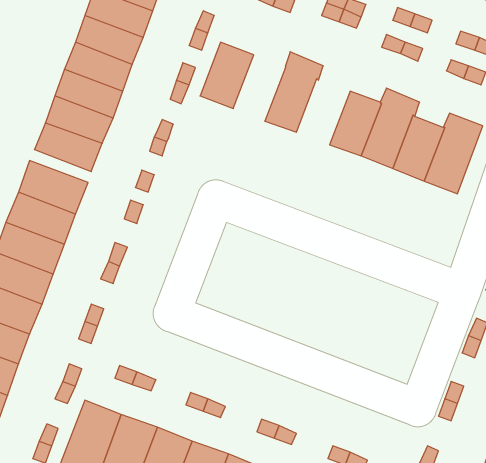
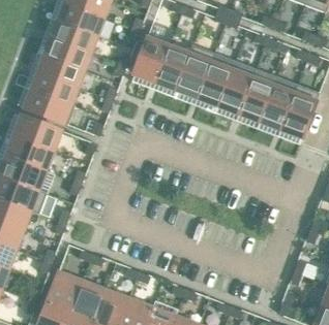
building: none -> [155,45,189,89]
building: none -> [197,61,232,104]

